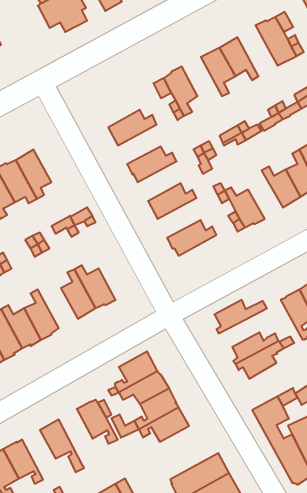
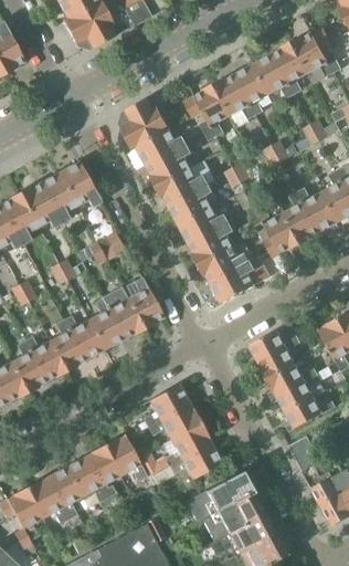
building: none -> [273,41,309,94]
building: none -> [214,74,256,119]
building: none -> [120,97,170,149]
building: none -> [147,145,192,187]
building: none -> [59,161,101,207]
building: none -> [168,184,220,226]
building: none -> [284,193,320,244]
building: none -> [189,222,235,264]
building: none -> [211,261,256,303]
building: none -> [127,275,163,329]
building: none -> [63,314,105,359]
building: none -> [253,340,304,379]
building: none -> [285,389,335,431]
building: none -> [85,444,120,504]
building: none -> [46,467,82,518]
building: none -> [186,471,253,521]

